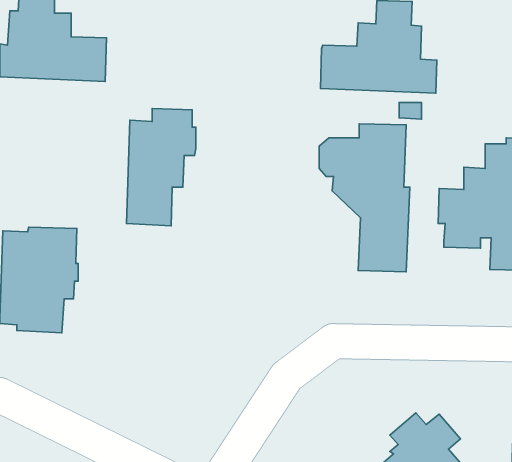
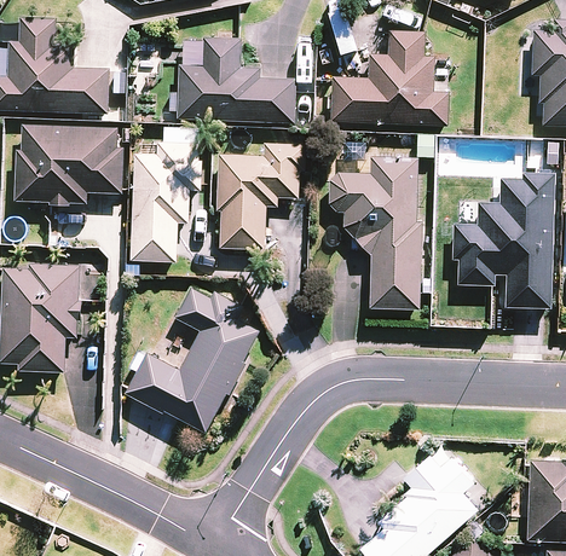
building: none -> [177,36,296,123]
building: none -> [15,124,125,205]
building: none -> [218,143,306,250]
building: none -> [125,285,259,432]

